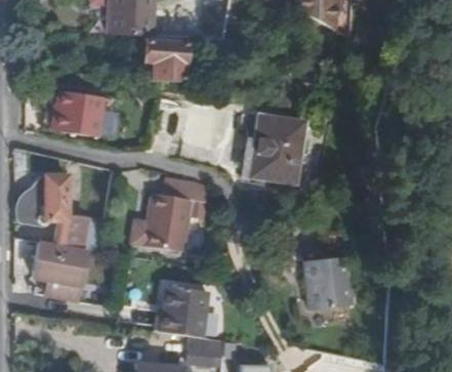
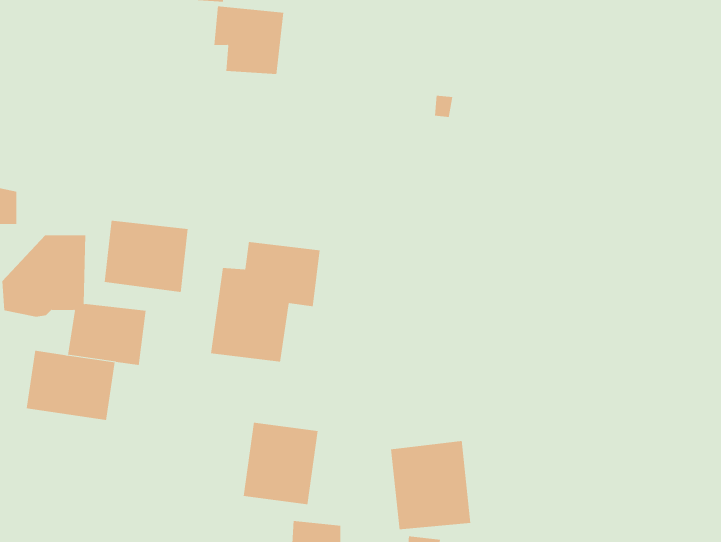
building: [53,93,104,136] -> [104,220,188,293]
building: [249,116,304,183] -> none
building: [305,255,354,308] -> [390,440,471,530]

